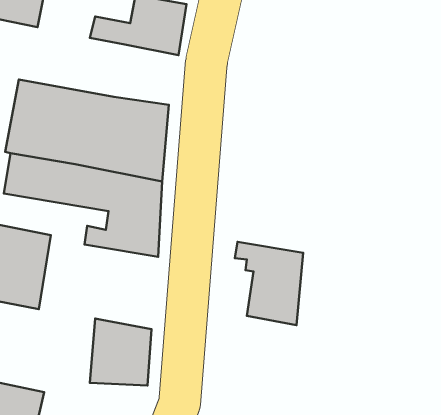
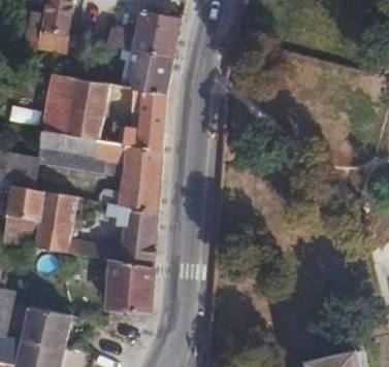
building: none -> [124,49,173,96]
building: [235,242,303,325] -> [105,204,158,268]

